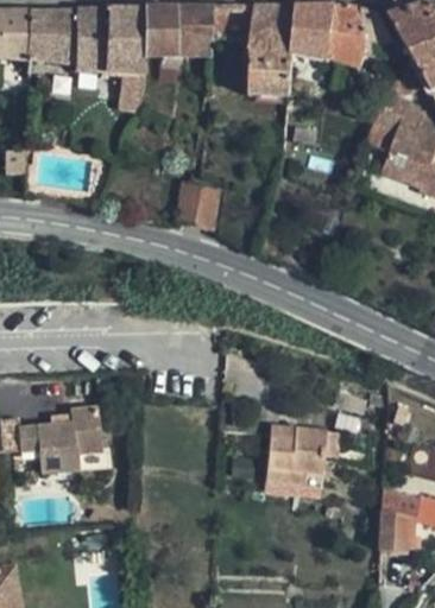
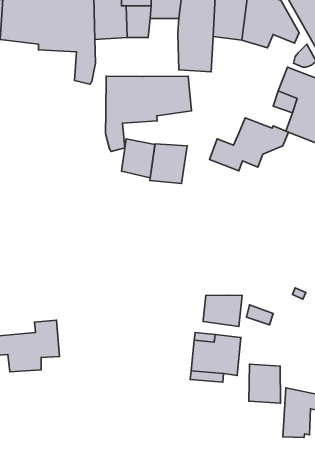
building: none -> [106,76,191,151]
building: none -> [209,118,289,171]
building: none -> [150,144,187,183]
building: none -> [203,295,242,326]
building: none -> [249,364,280,403]

